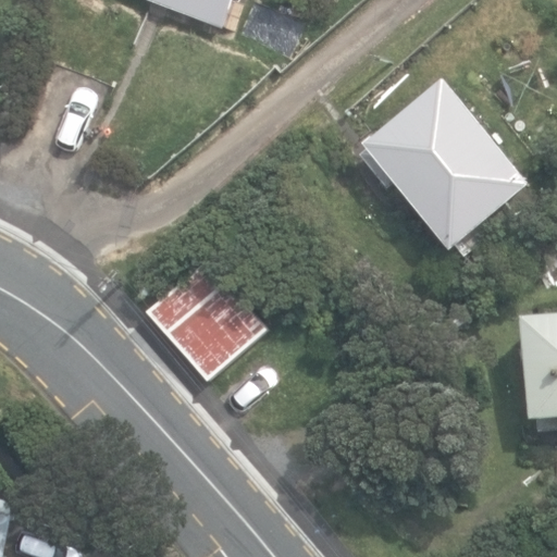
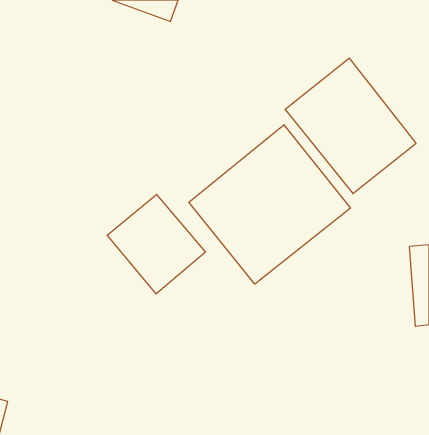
building: none -> [189,125,351,284]

